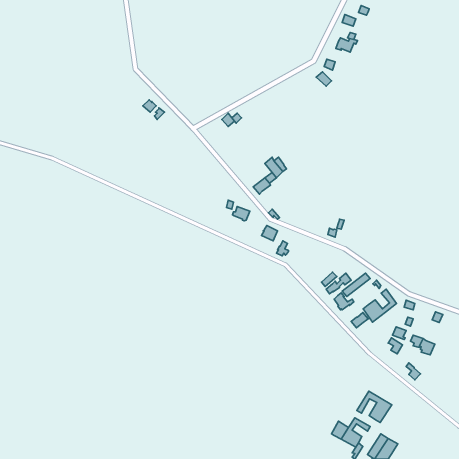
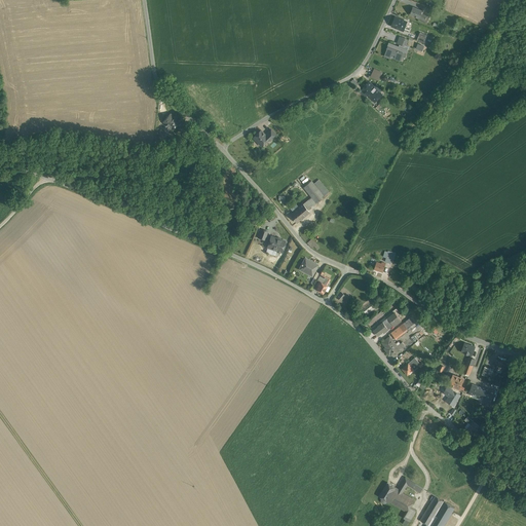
building: [363,289,397,322] -> none
building: [357,391,392,423] -> none

